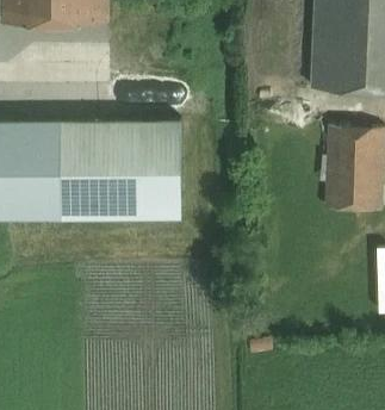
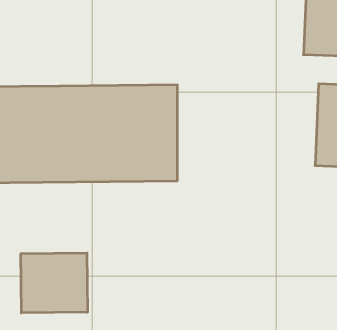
building: none -> [21,253,87,313]

